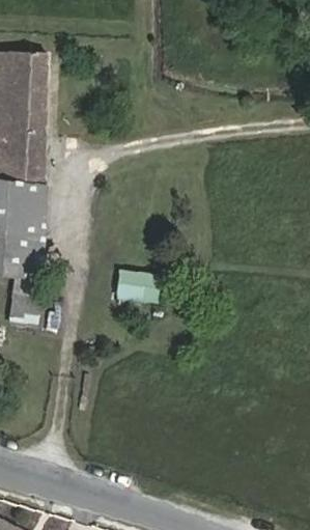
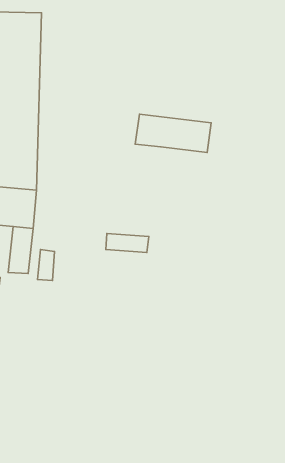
building: none -> [135,114,211,153]

